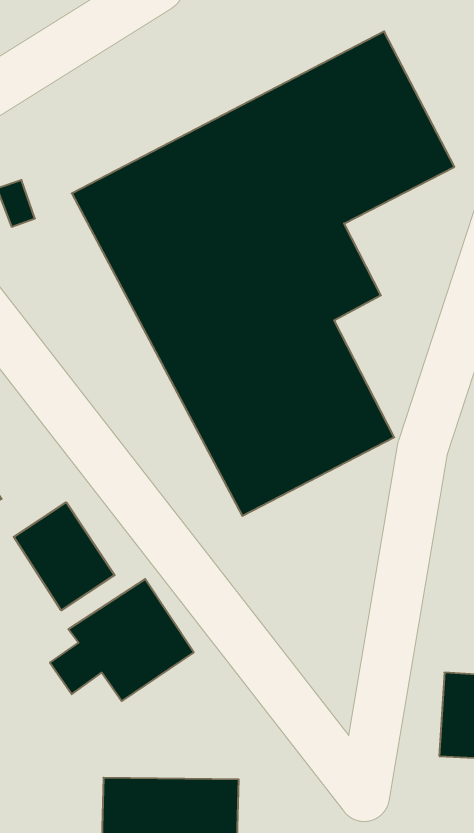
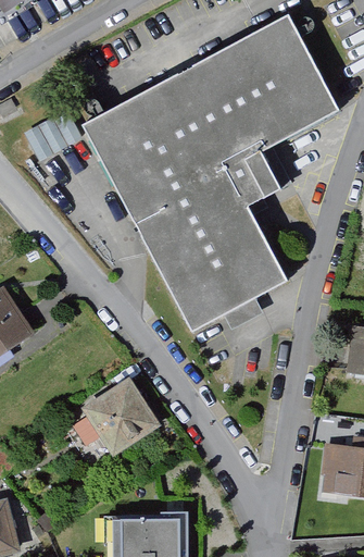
building: [14,502,115,610] -> none

